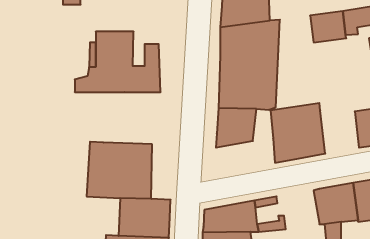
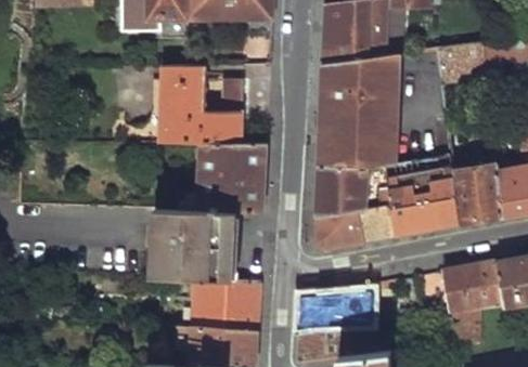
building: none -> [171,145,266,213]
building: none -> [451,163,501,224]
building: none -> [315,205,392,249]

